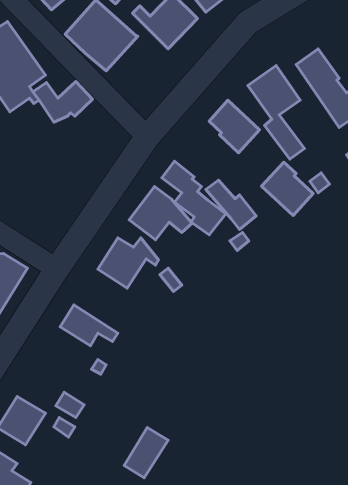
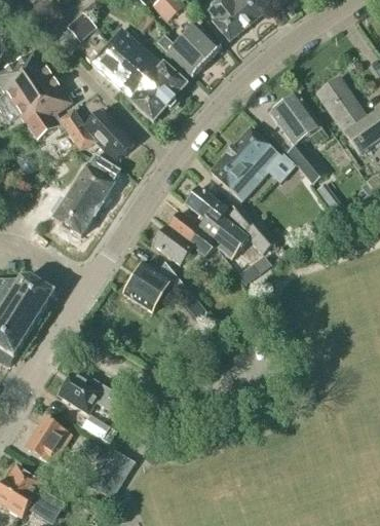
building: none -> [128,62,186,120]
building: none -> [92,125,134,160]
building: none -> [36,154,119,235]
building: [262,162,313,216] -> [210,147,260,199]
building: [60,305,118,346] -> [58,372,114,412]
building: [124,428,168,478] -> [91,449,135,498]

